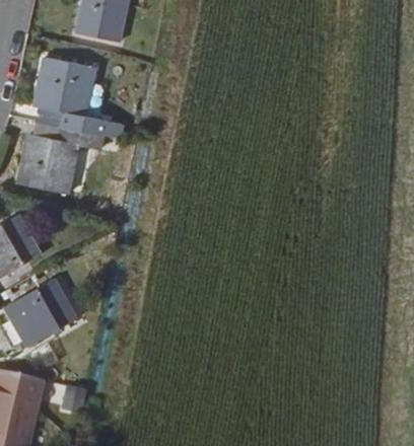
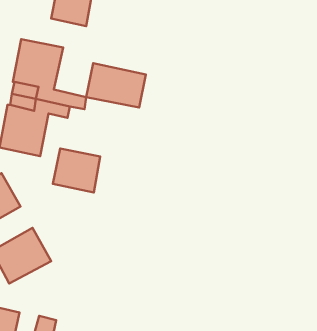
building: none -> [86,63,146,108]
building: none -> [53,148,100,192]

